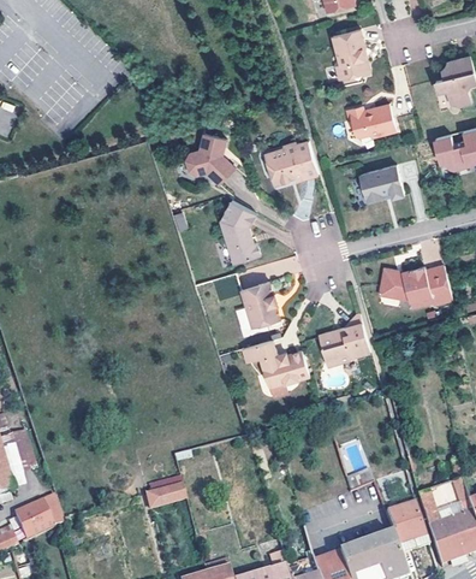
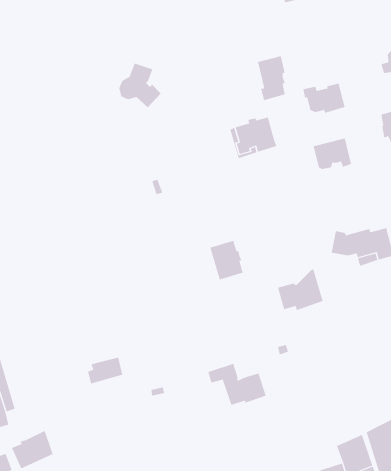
building: [332,29,364,81] -> [257,55,286,101]
building: [185,131,234,183] -> [118,63,162,108]
building: [219,200,258,265] -> none
building: [243,339,310,388] -> [208,363,267,405]
building: [144,478,185,509] -> [87,357,123,384]

